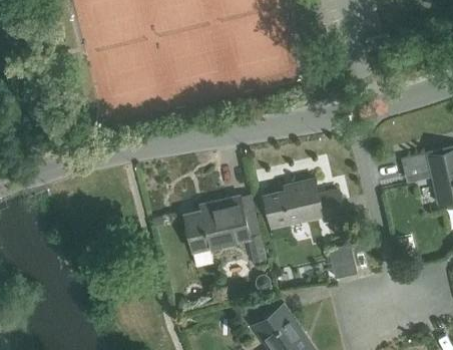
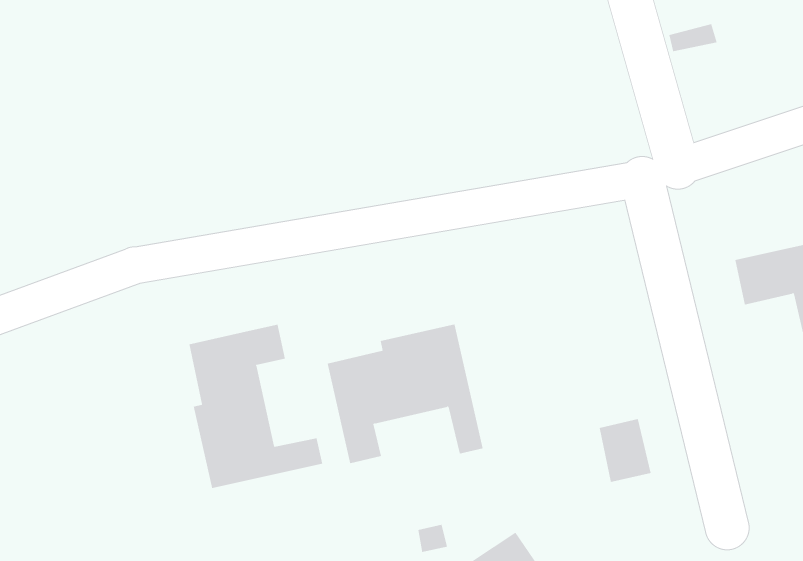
building: [265,181,343,228] -> none
building: none -> [189,324,323,489]

